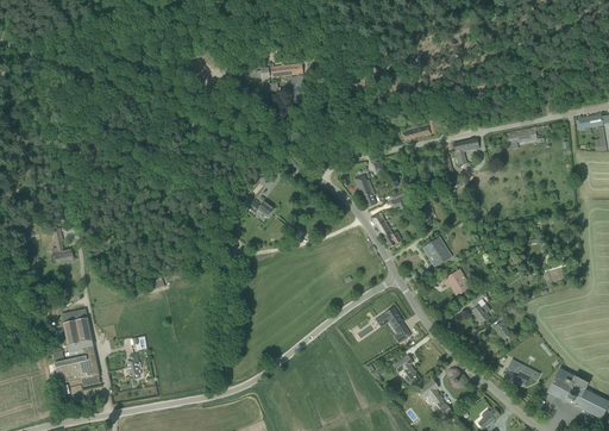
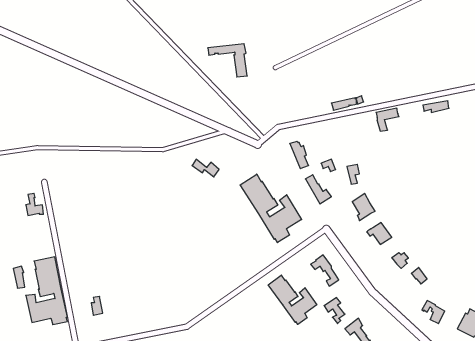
building: none -> [240,174,302,243]
building: none -> [268,275,317,324]

